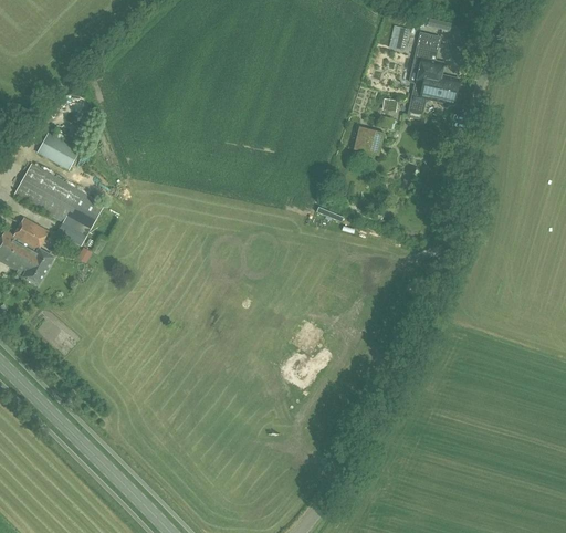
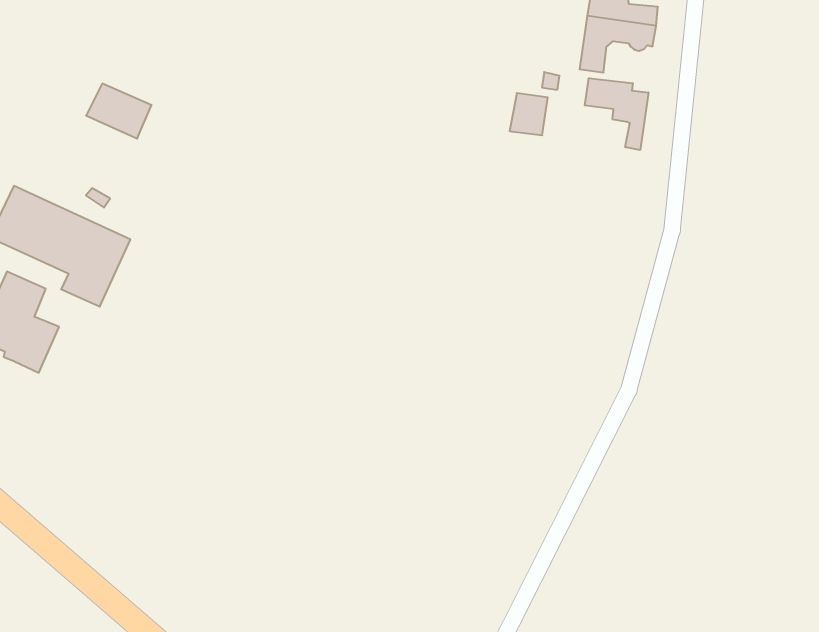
building: none -> [585,78,648,150]
building: [36,130,80,168] -> [86,84,152,139]

